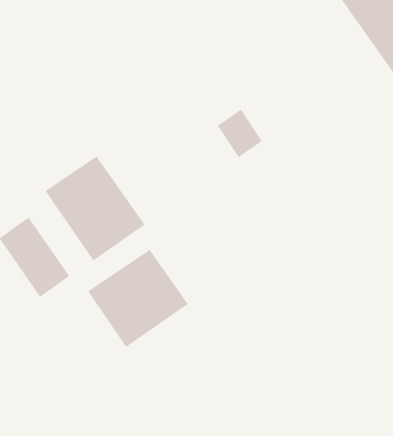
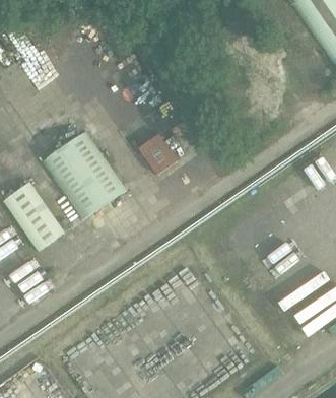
building: [217,108,263,158] -> [138,132,177,174]
building: [87,249,189,348] -> none

